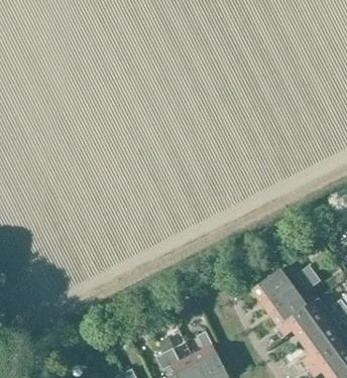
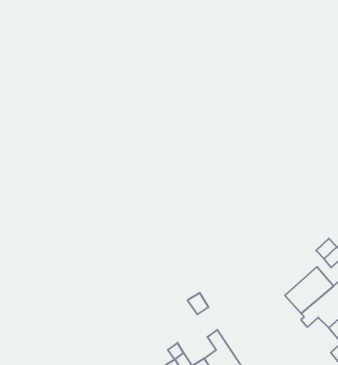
building: [253,267,297,307] -> none

